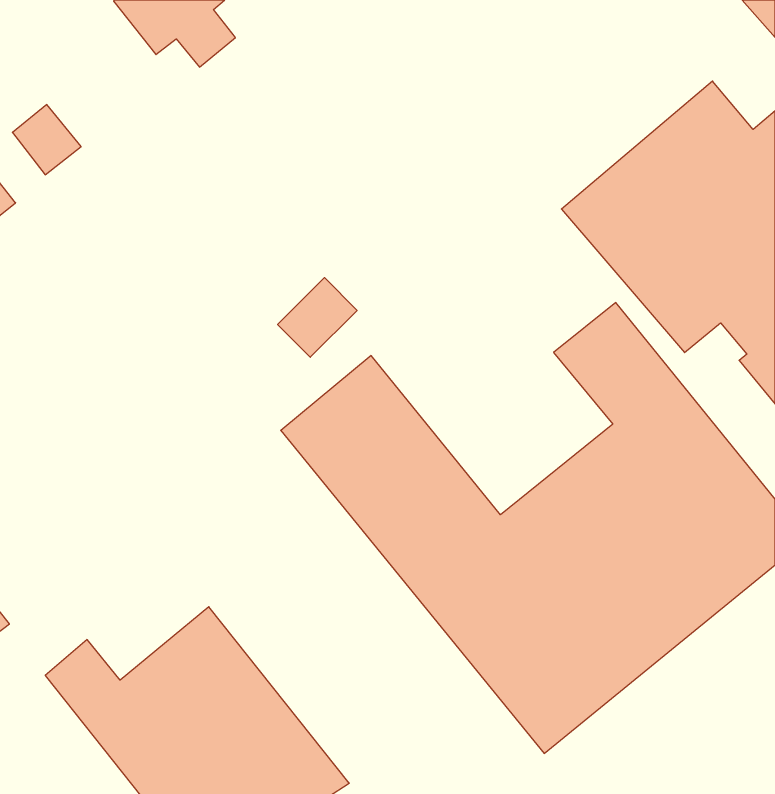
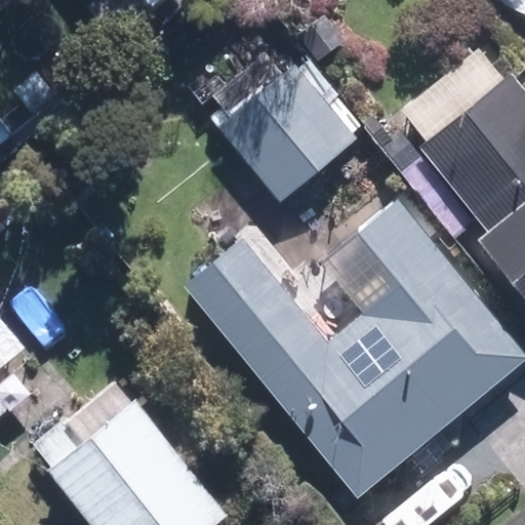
building: none -> [208,49,356,203]

